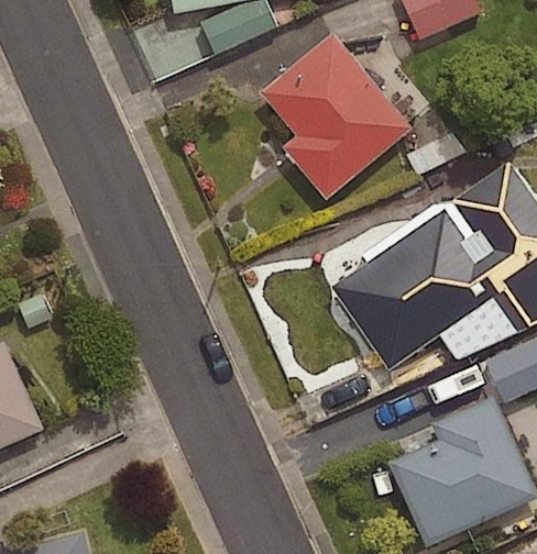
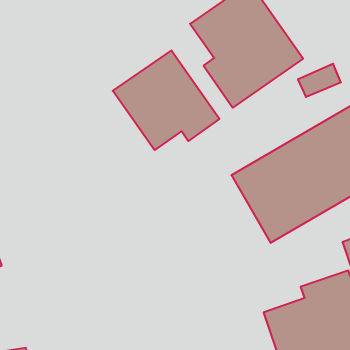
building: none -> [113,50,219,150]

